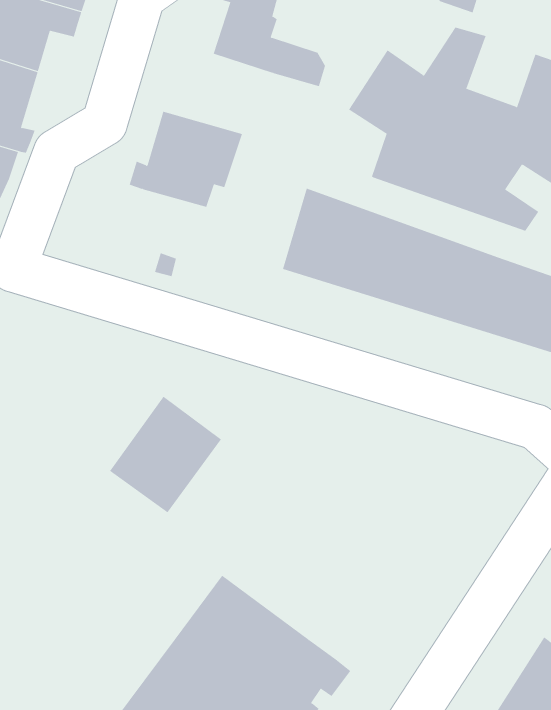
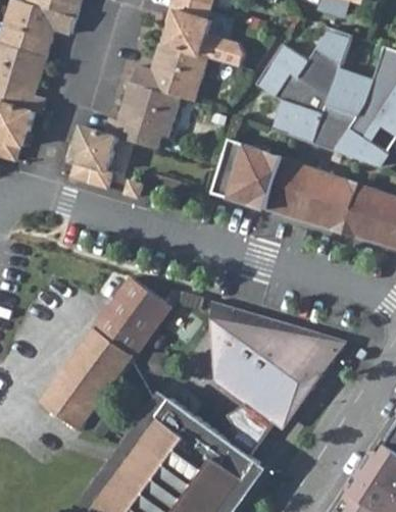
building: none -> [130,45,204,102]
building: none -> [69,127,115,188]
building: none -> [209,302,344,456]
building: none -> [39,328,133,431]

